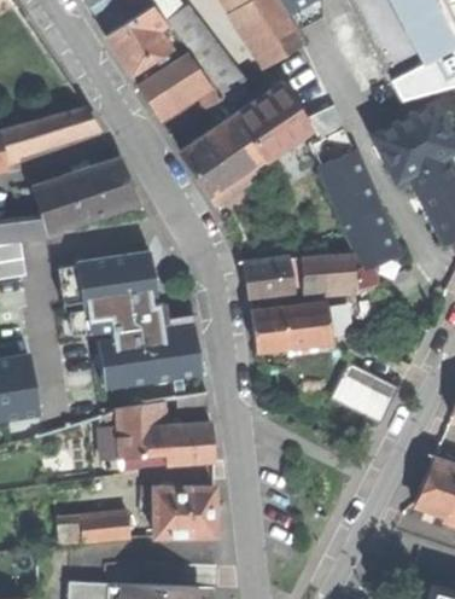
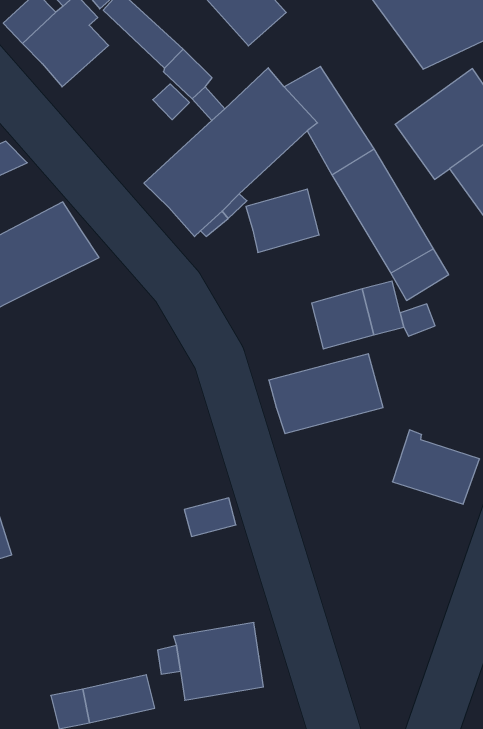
building: [140,54,206,115] -> none
building: [62,254,205,384] -> none
building: [244,260,294,301] -> [246,189,319,252]
building: [117,406,159,459] -> none
building: [163,424,214,466] -> none

